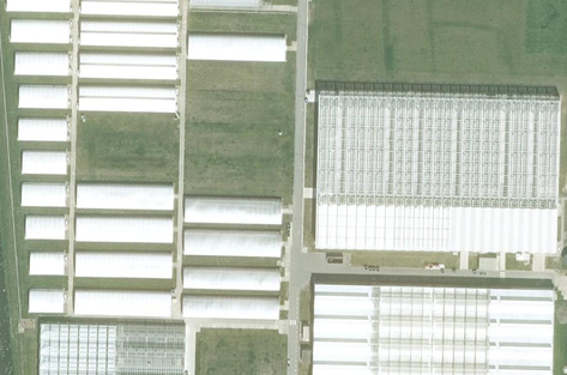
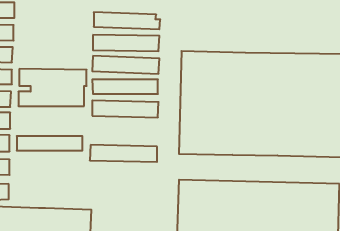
building: [79,23,179,47] -> none
building: [78,55,177,77] -> none
building: [78,87,179,113] -> none
building: [76,186,171,208] -> none
building: [185,200,283,225] -> none
building: [73,254,171,278] -> none
building: [182,268,281,290] -> none
building: [73,292,171,316] -> none
building: [181,300,282,319] -> none

